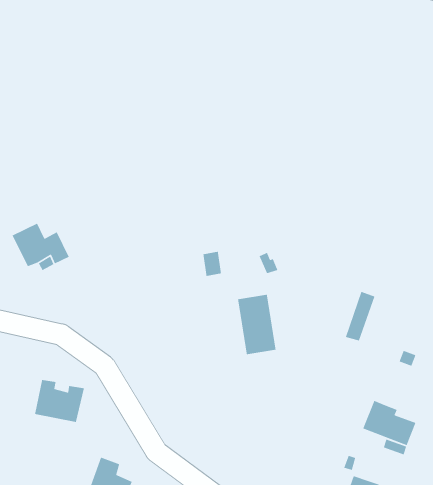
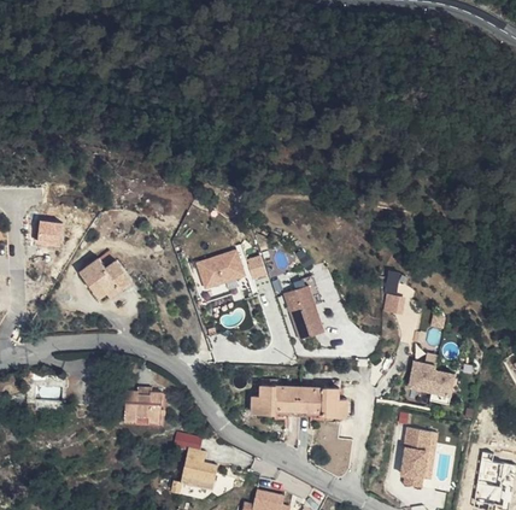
building: none -> [195,250,245,291]
building: none -> [251,386,338,416]

